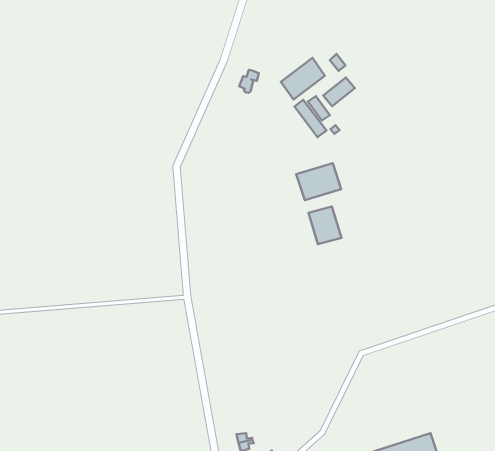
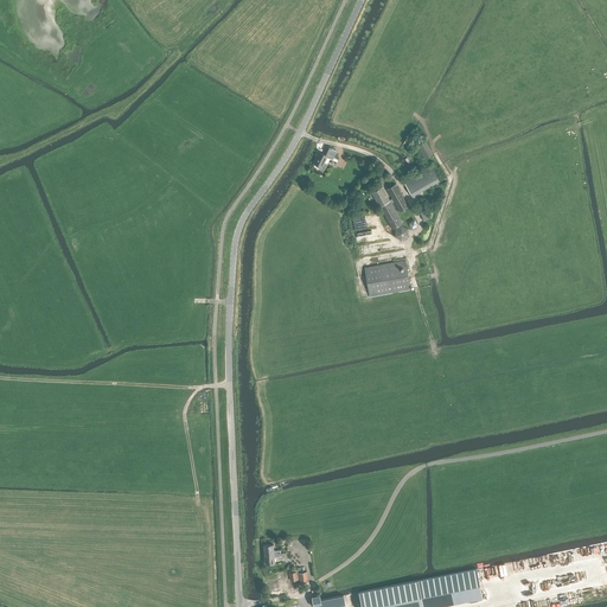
building: [281,58,325,100] -> none
building: [308,206,341,244] -> none

